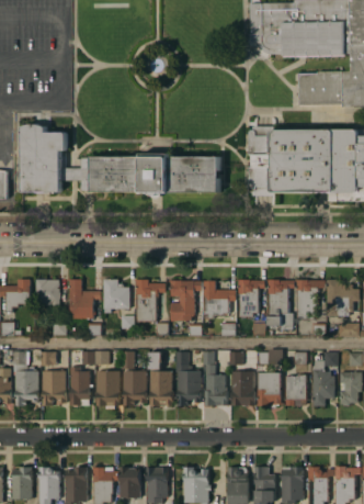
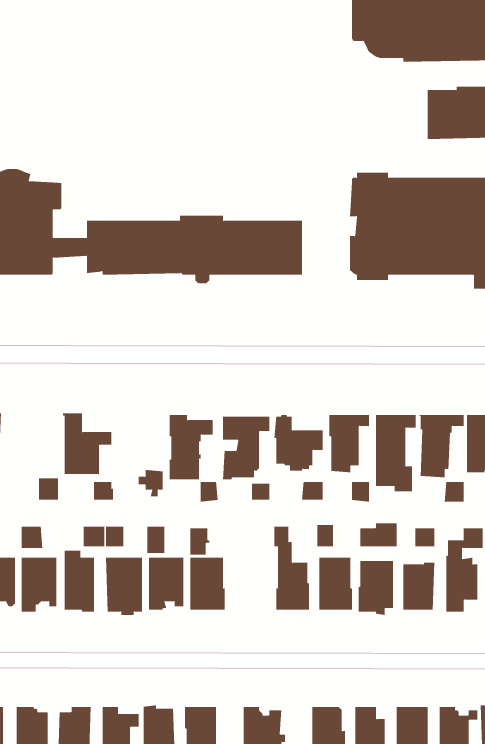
building: [35,279,59,309] -> none
building: [103,280,129,313] -> none
building: [177,351,202,405] -> none

